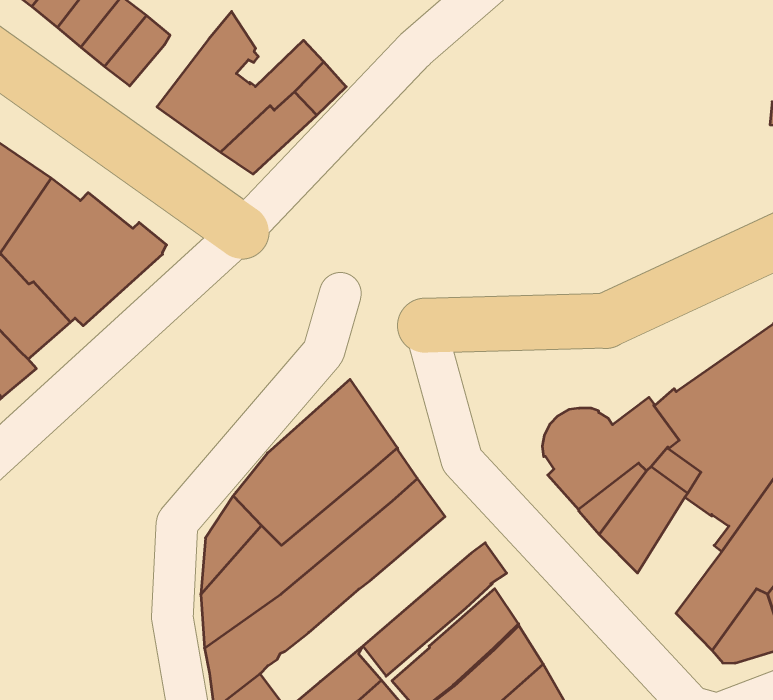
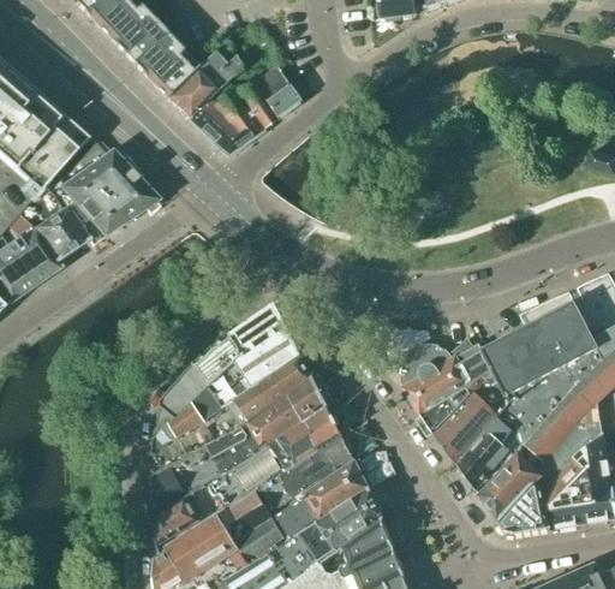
building: none -> [150,55,198,97]
building: none -> [455,428,523,490]
building: none -> [205,406,341,508]

